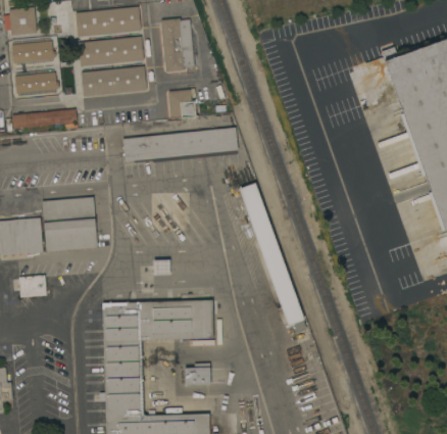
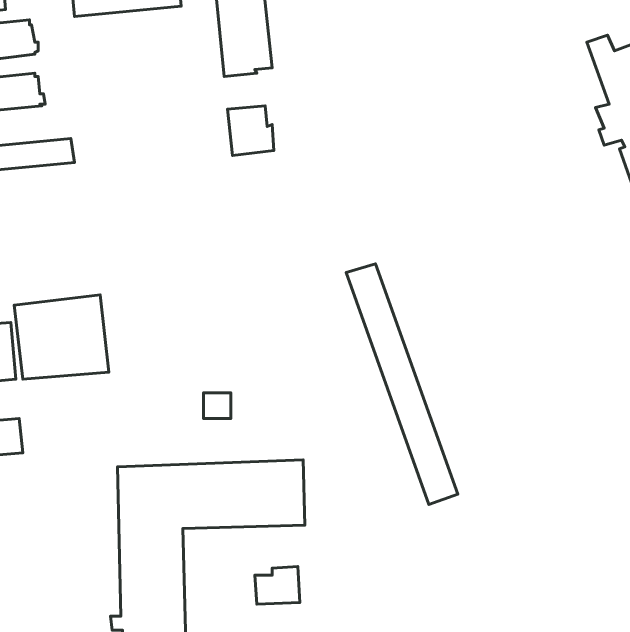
building: [79,36,144,66] -> none
building: [82,65,147,96] -> none
building: [122,127,238,161] -> none

